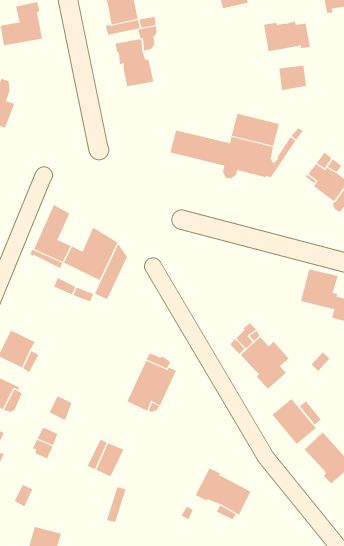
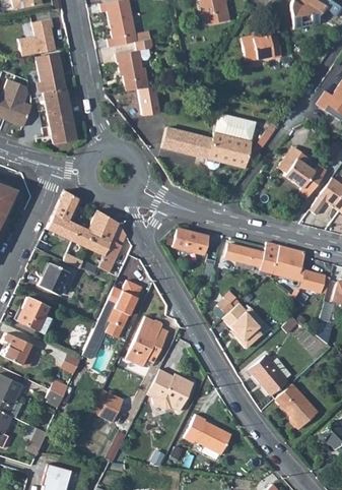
building: none -> [37,53,76,143]
building: [279,65,306,91] -> none
building: none -> [138,85,159,115]
building: none -> [173,227,208,254]
building: none -> [225,242,280,272]
building: none -> [39,262,69,295]
building: none -> [82,280,142,358]
building: none -> [148,368,193,411]

